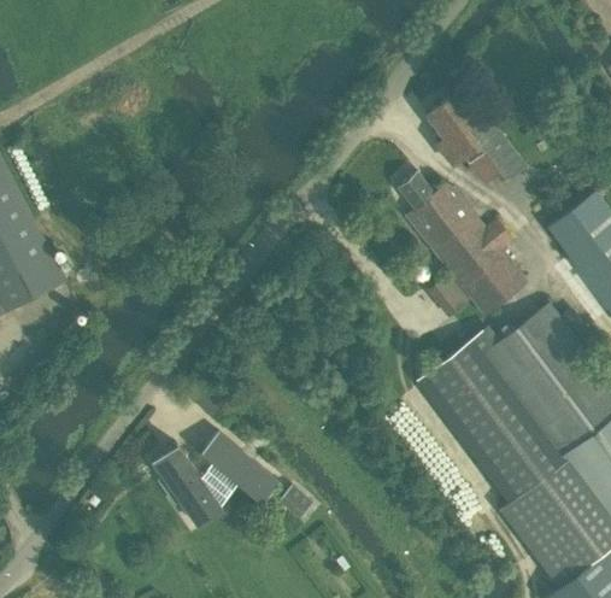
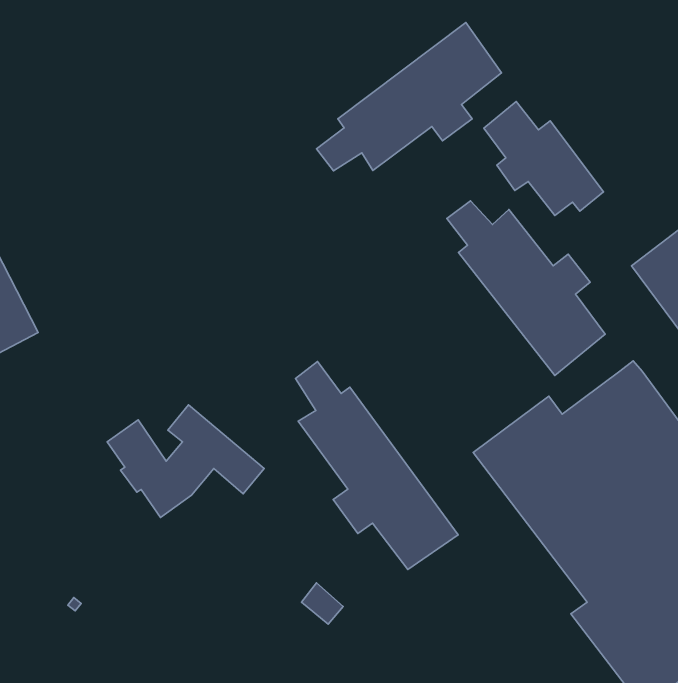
building: none -> [316,23,502,171]
building: none -> [296,361,458,570]
building: [151,432,278,523] -> [107,405,264,517]

